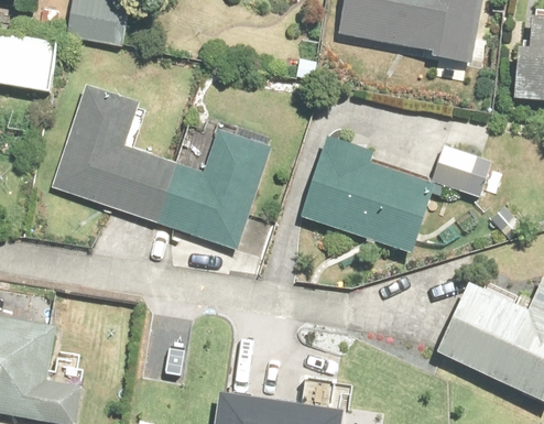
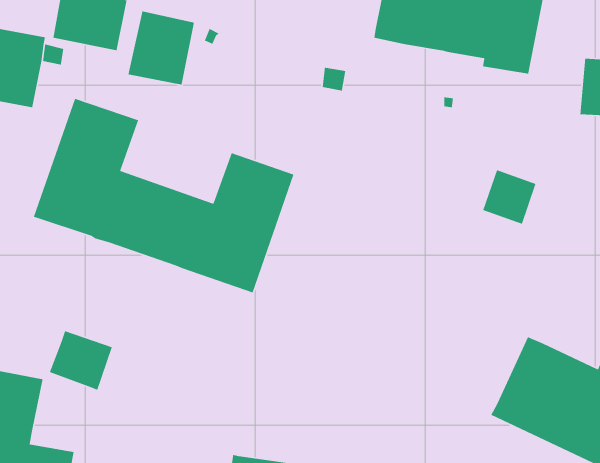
building: none -> [127,10,195,86]
building: [300,140,436,257] -> none
building: none -> [49,330,113,391]

